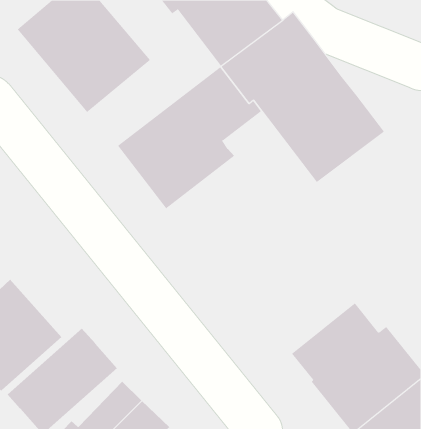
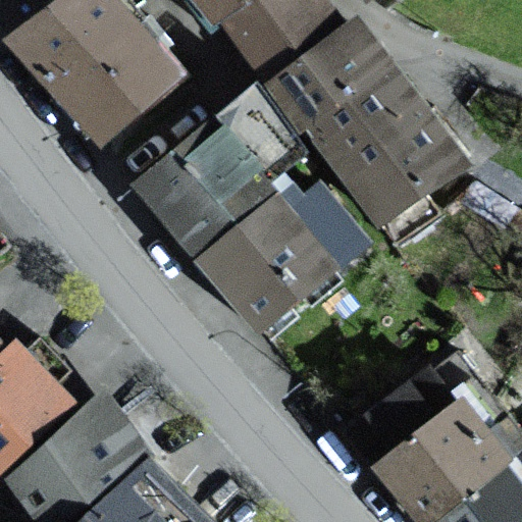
building: none -> [201,191,340,327]

